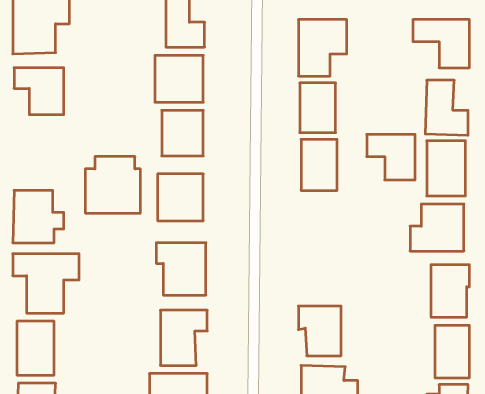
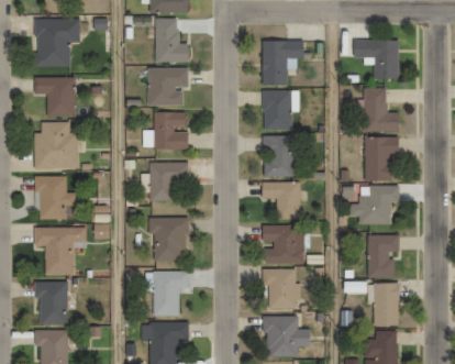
building: [367,134,415,180] -> [262,181,300,218]
building: [85,157,140,213] -> [33,123,77,168]
building: none -> [262,225,303,263]

